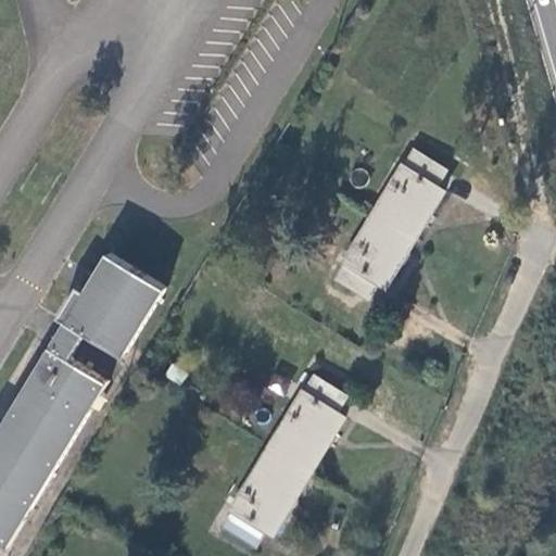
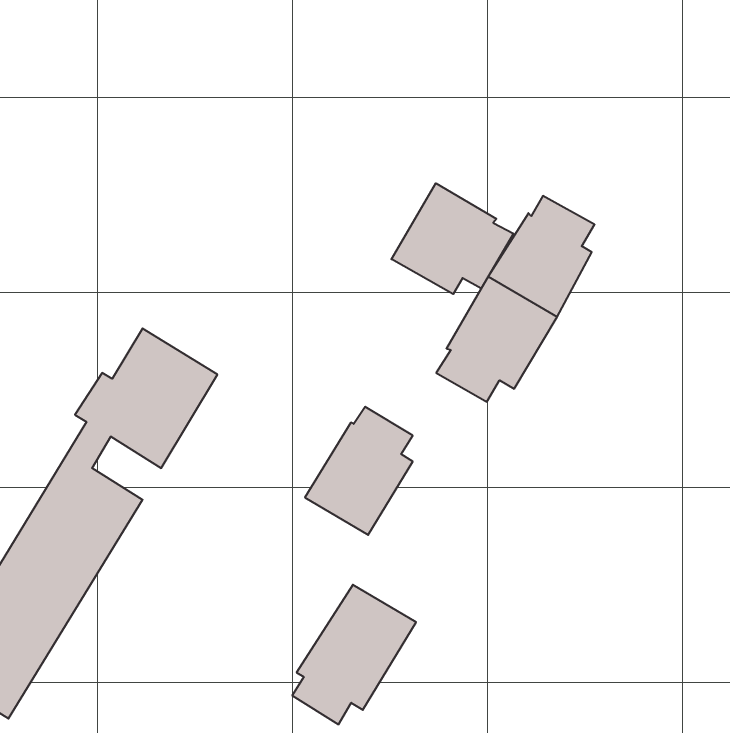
building: none -> [391,183,514,294]
building: [266,375,348,471] -> [305,407,413,535]

